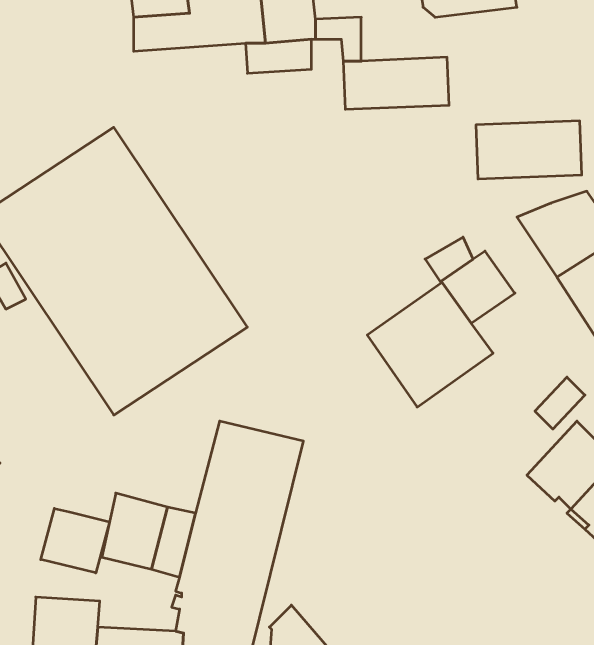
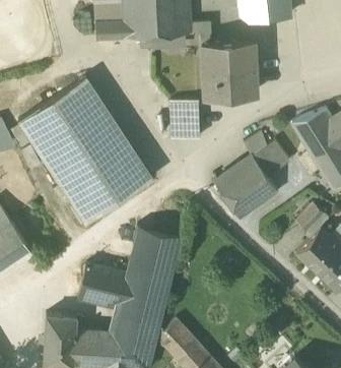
building: [476,121,582,179] -> [203,65,257,95]
building: none -> [170,100,200,139]
building: [41,508,109,573] -> none

